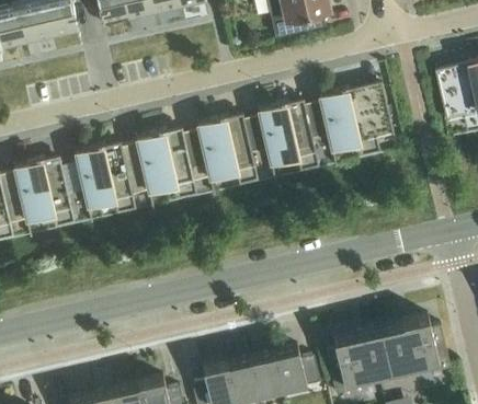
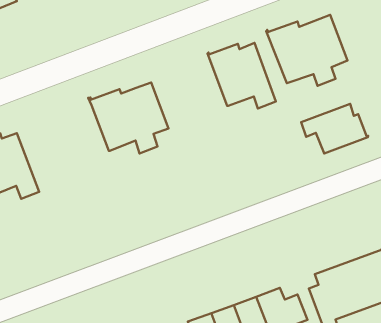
building: [196,117,258,183] -> none
building: [75,143,148,211] -> none
building: none -> [301,104,368,153]

